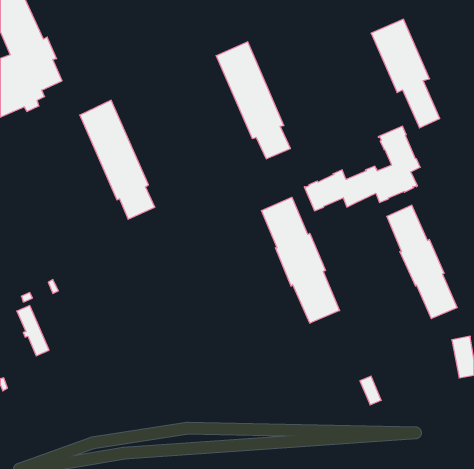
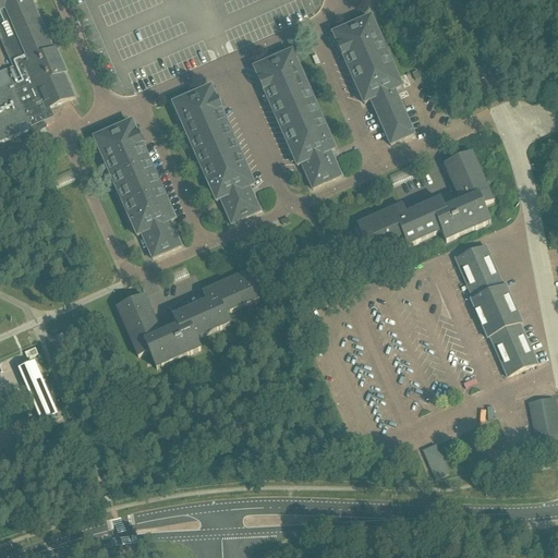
building: [371,19,440,128] -> [332,14,413,142]
building: none -> [172,83,260,222]
building: [261,197,340,323] -> none
building: none -> [116,268,259,366]

